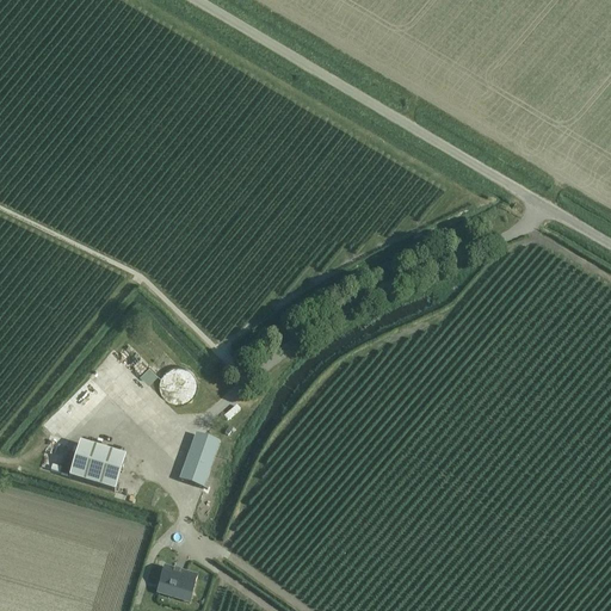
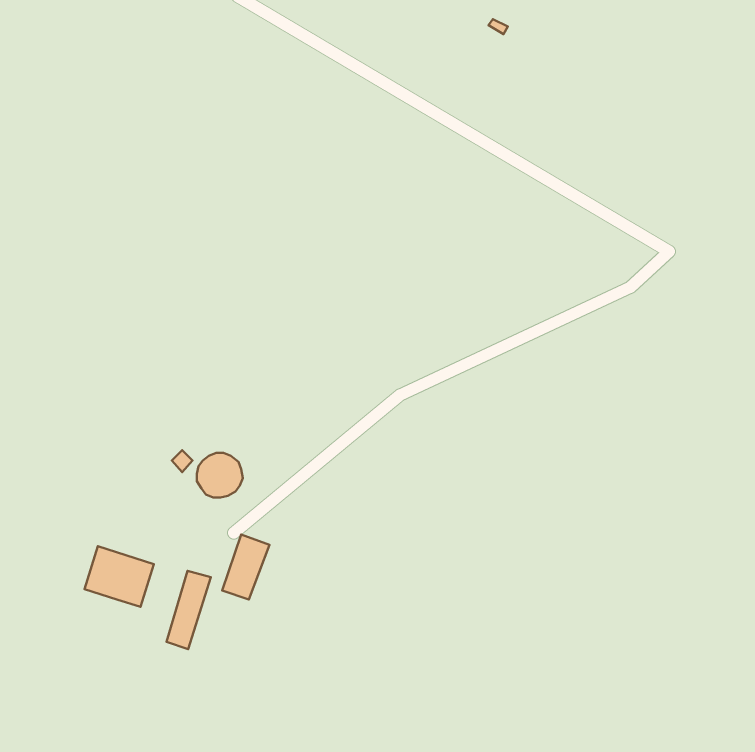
building: none -> [167,571,211,649]
building: [159,564,197,591] -> none

